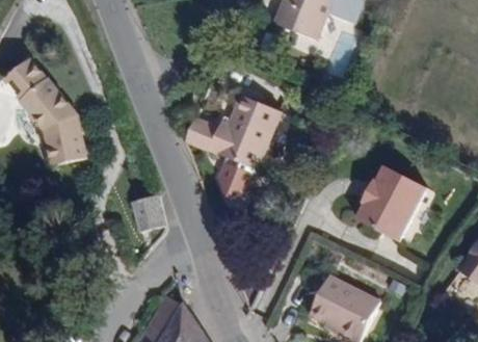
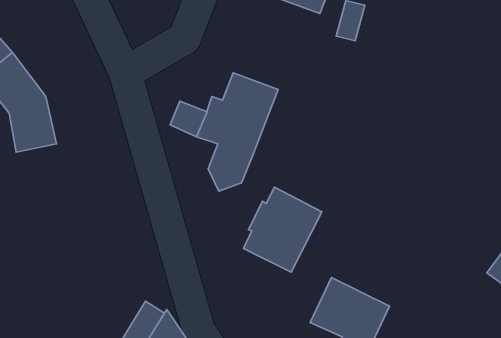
building: [356,167,425,242] -> [244,187,322,272]
building: [129,193,166,232] -> none

